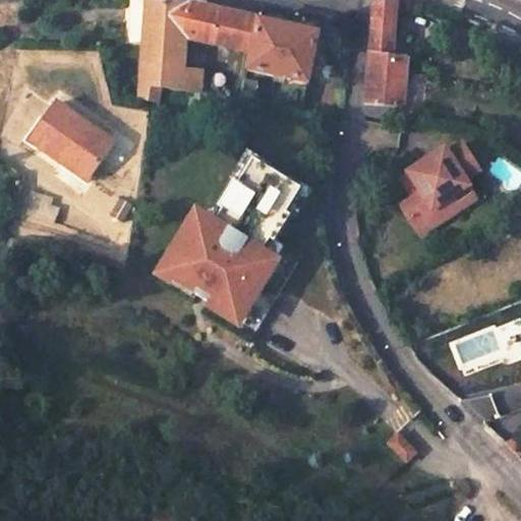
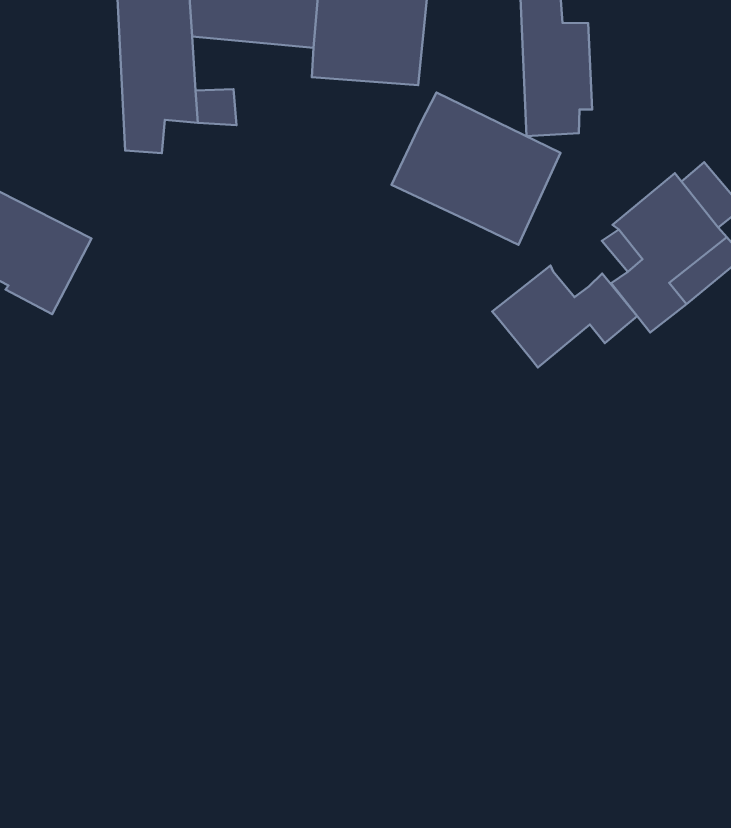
building: none -> [392,93,560,245]
building: [157,158,298,319] -> none
building: none -> [492,265,637,368]

